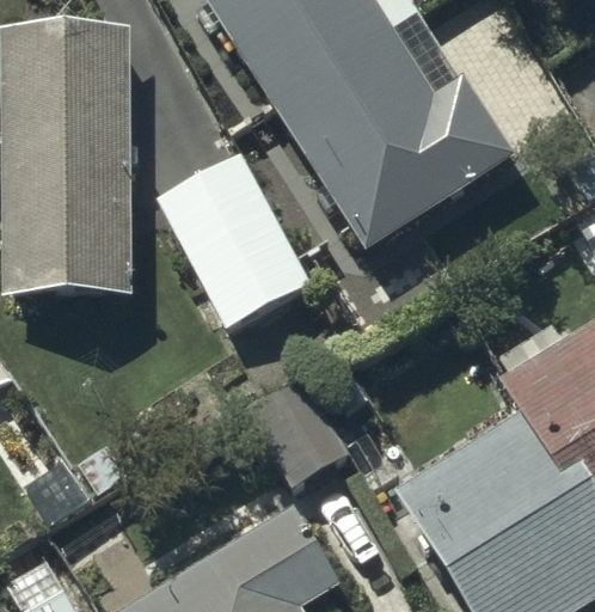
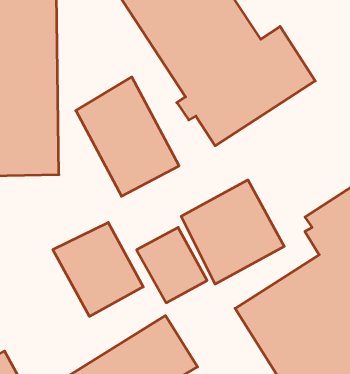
building: none -> [181,180,284,284]
building: none -> [53,222,143,316]

